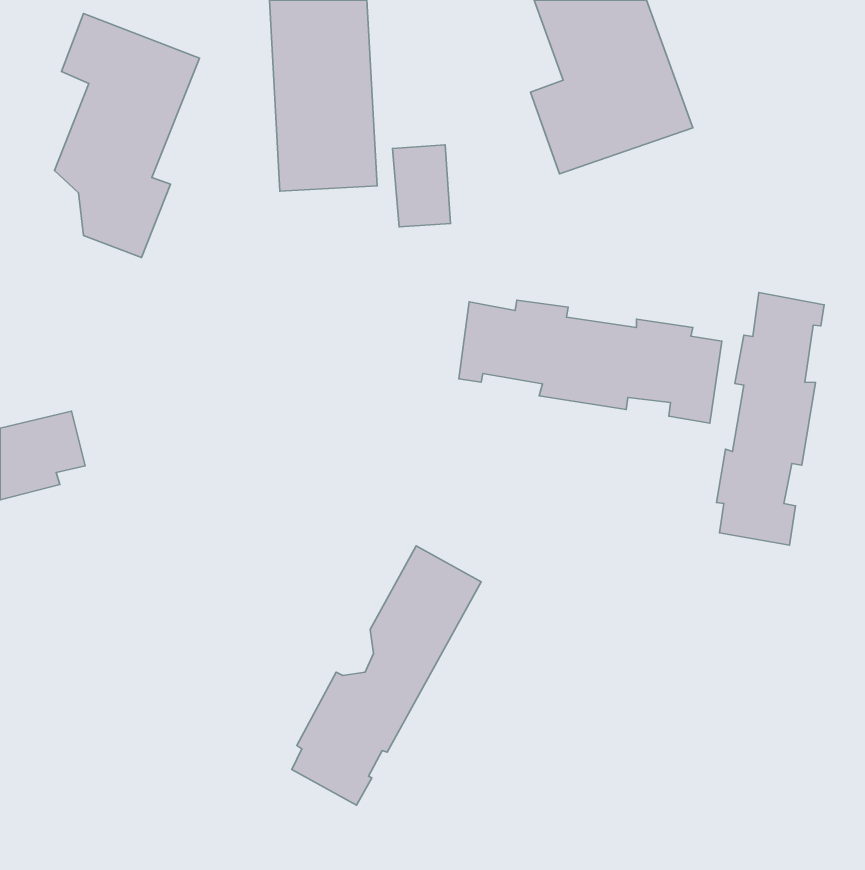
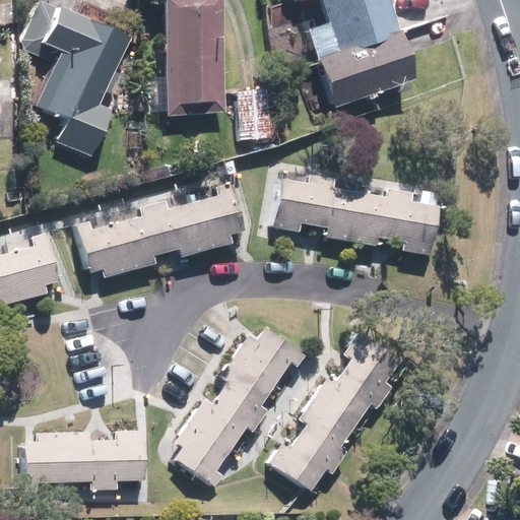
building: [716,292,824,545] -> none
building: none -> [85,185,246,275]
building: none -> [273,339,389,491]
building: none -> [25,434,142,486]

